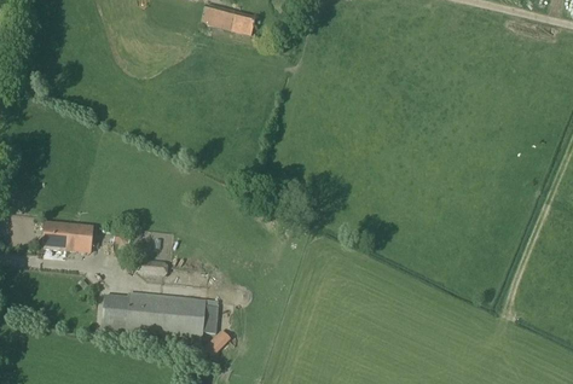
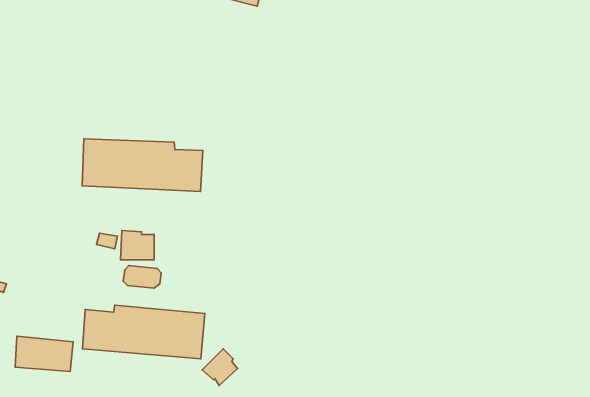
building: none -> [82,139,203,192]
building: [45,221,94,251] -> [15,336,73,372]

